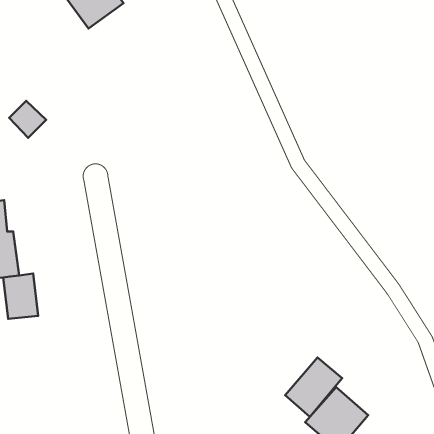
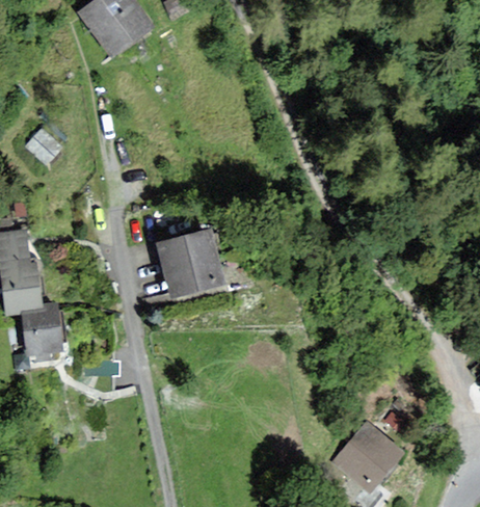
building: none -> [158,233,221,296]
building: [285,358,342,417] -> none

